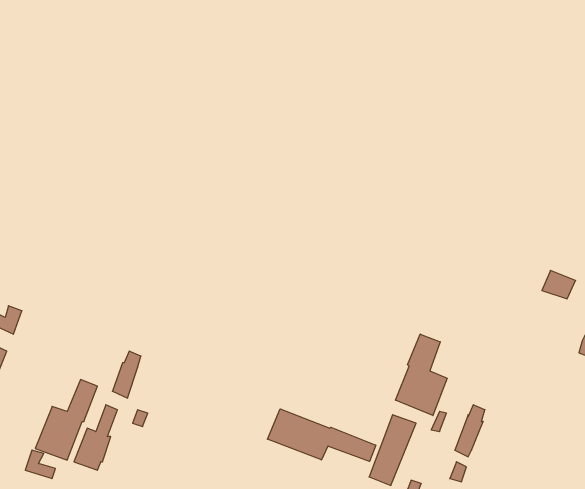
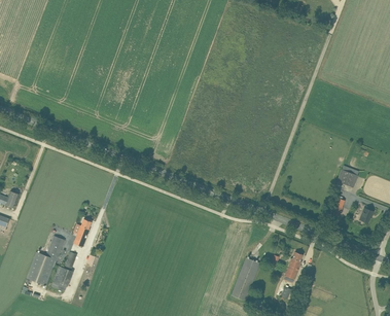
building: [396,334,447,416] -> none
building: [267,409,376,461] -> none

